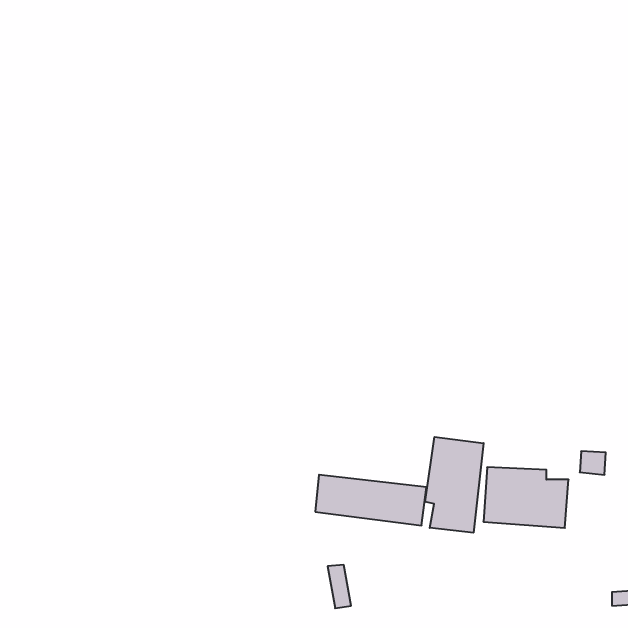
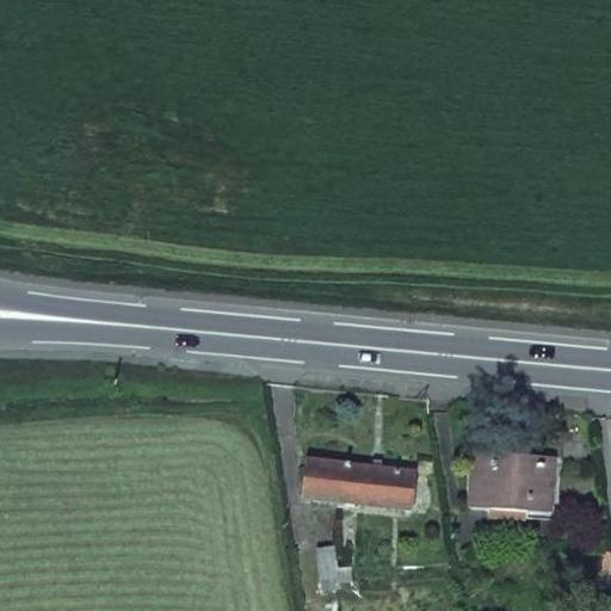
building: [425,437,484,533] -> none

